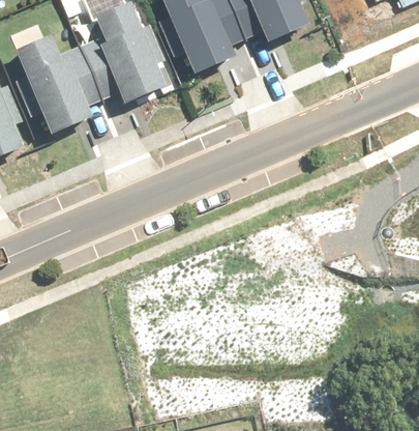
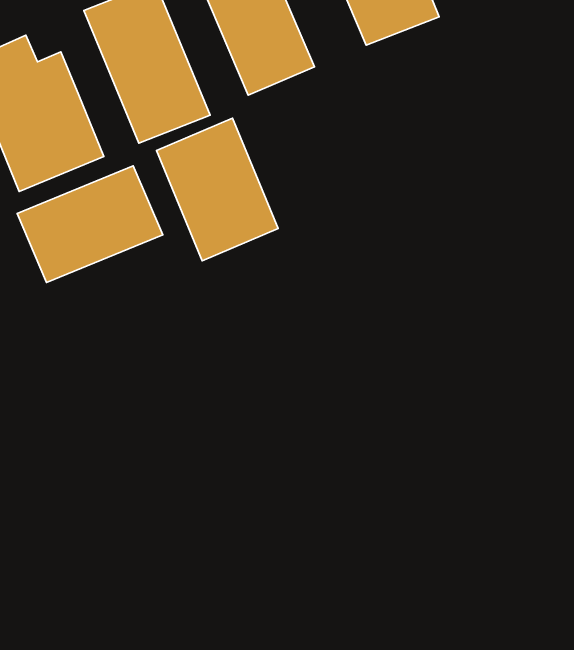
building: none -> [157,118,278,261]
building: none -> [17,166,163,283]

